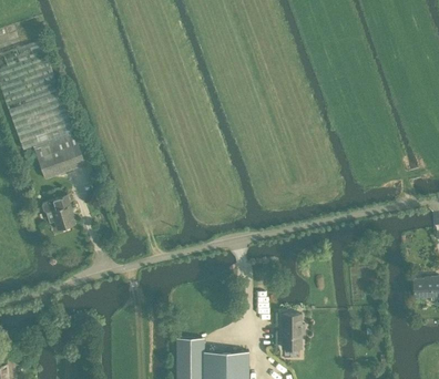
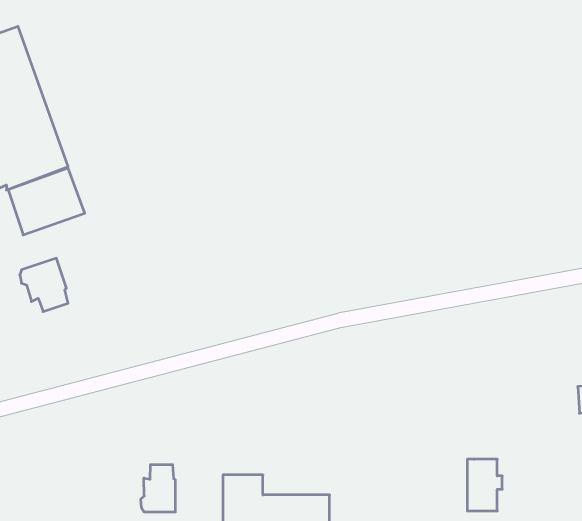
building: [283,317,306,351] -> [467,459,502,511]
building: none -> [141,465,175,512]

